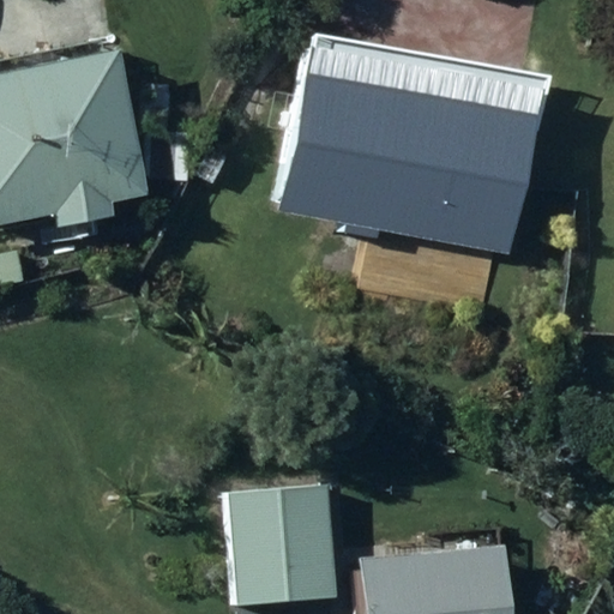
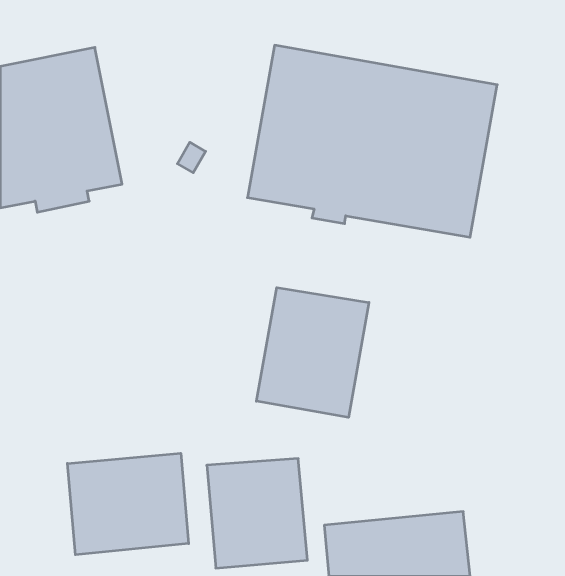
building: none -> [256,288,369,417]
building: none -> [67,453,189,555]

